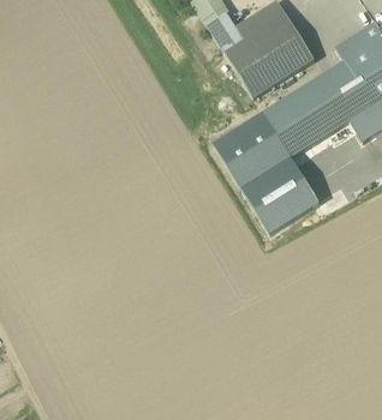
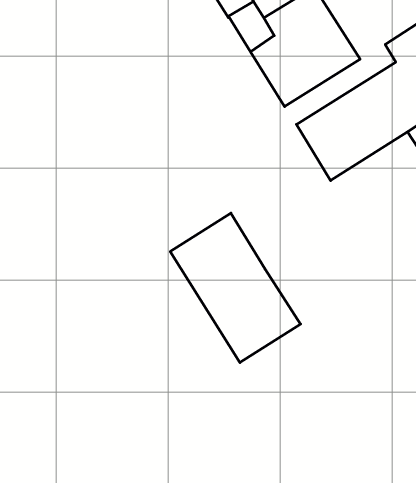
building: [214,112,320,233] -> [170,213,301,363]

